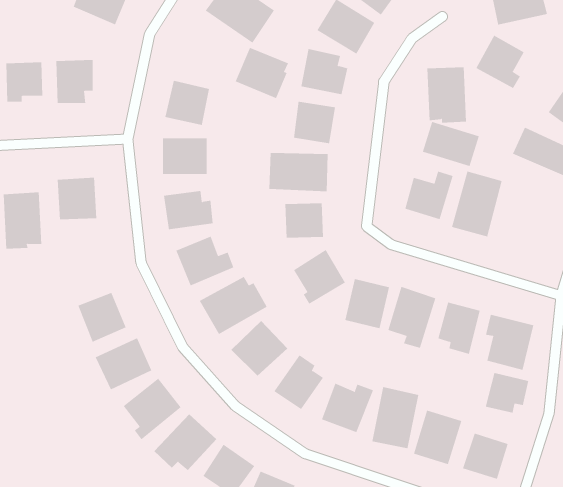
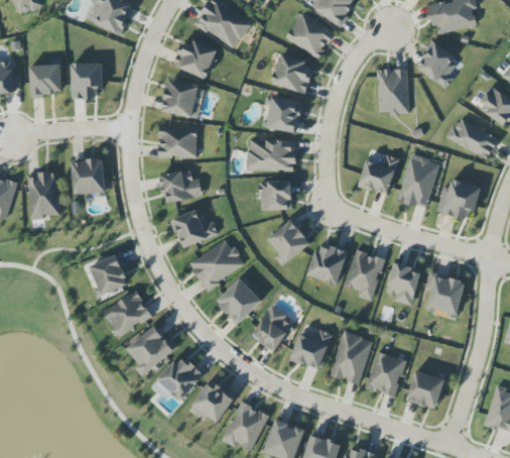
building: [235,47,289,99] -> [172,37,217,80]
building: [422,121,479,167] -> none
building: none -> [436,180,480,219]
building: [485,372,529,413] -> none

